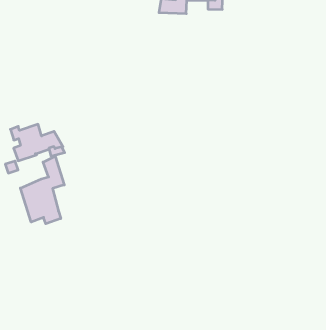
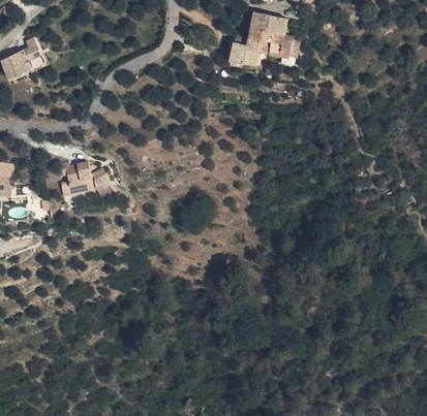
building: [20,156,64,224] -> none

